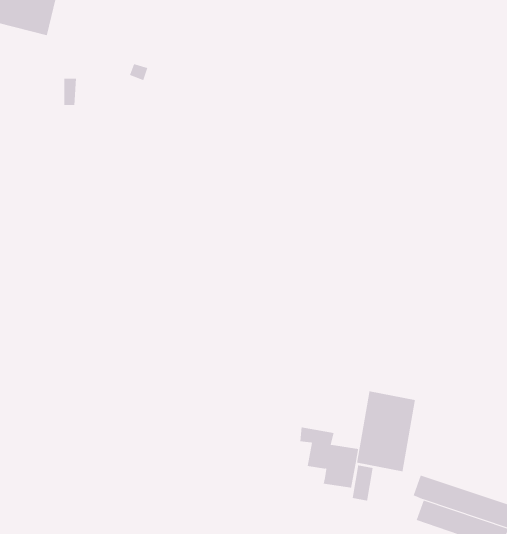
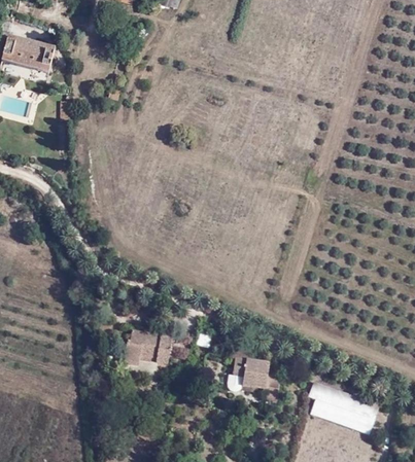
building: [357,390,415,472] -> none
building: none -> [125,326,176,367]

